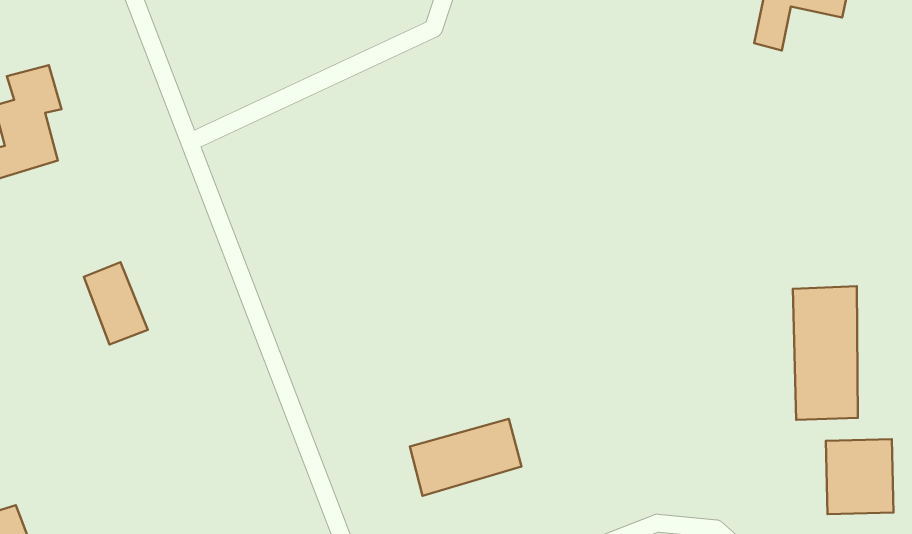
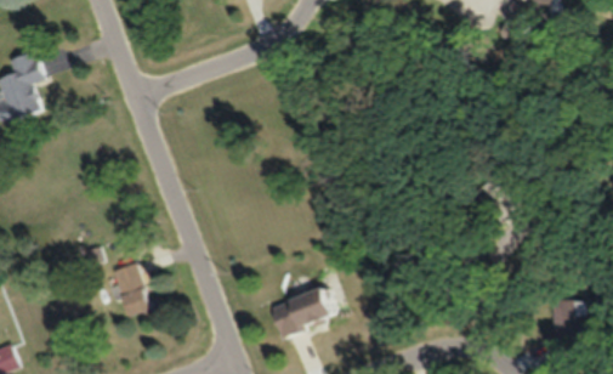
building: [84,262,148,345] -> [109,261,152,316]
building: [793,286,858,420] -> none

